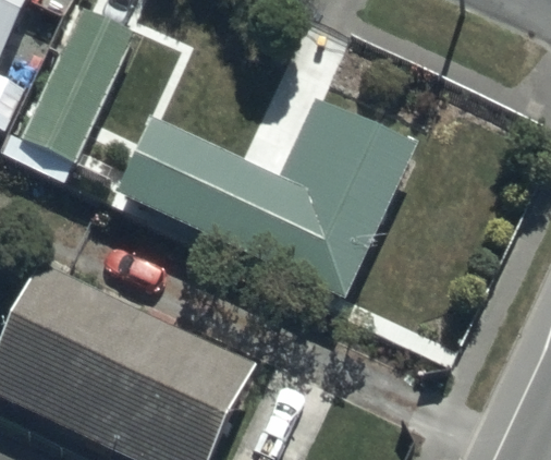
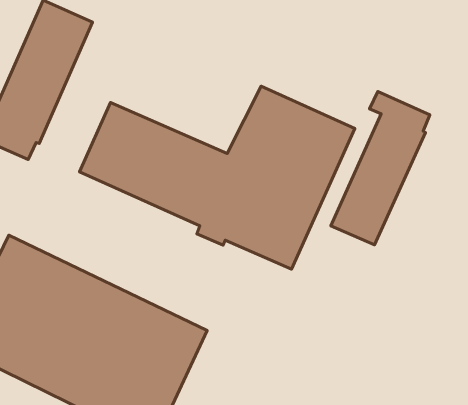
building: none -> [331,91,430,245]

